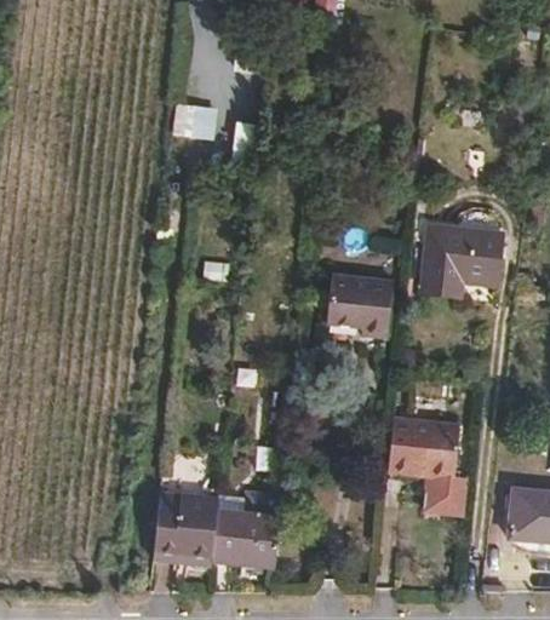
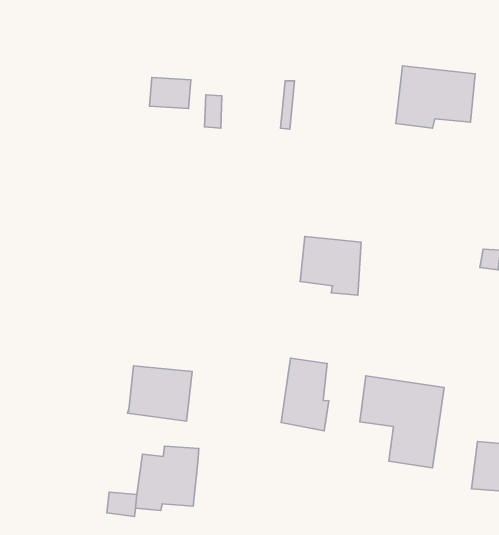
building: [420,229,504,294] -> [396,66,475,128]
building: none -> [281,358,329,431]
building: [213,509,281,567] -> [128,366,192,421]

